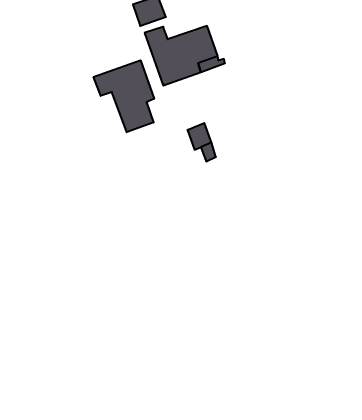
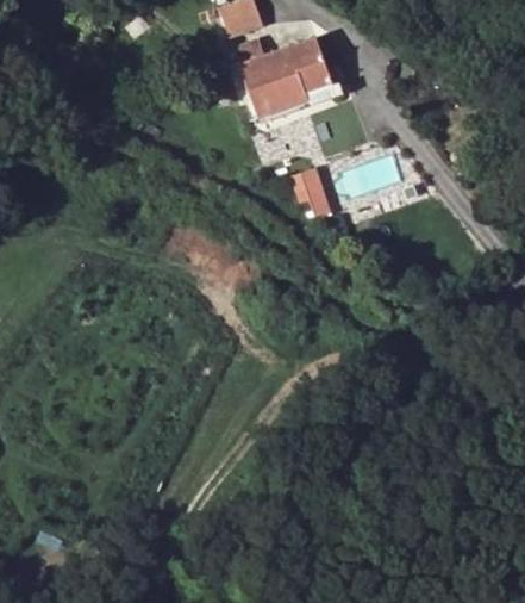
building: [94,60,154,132] -> none

